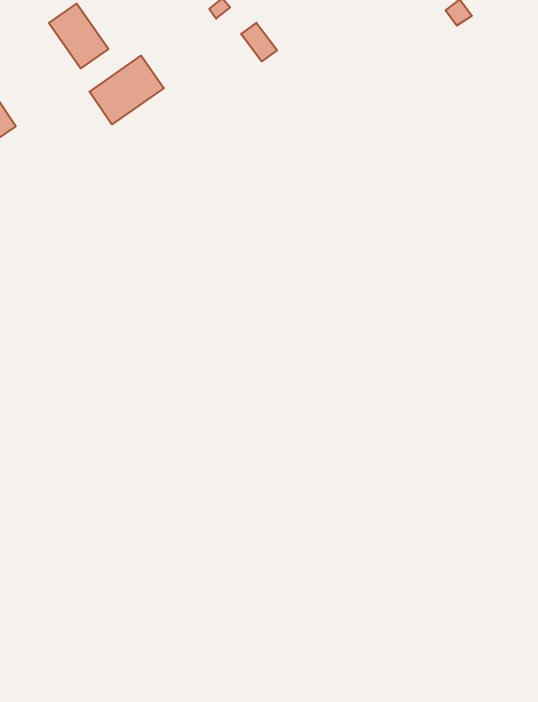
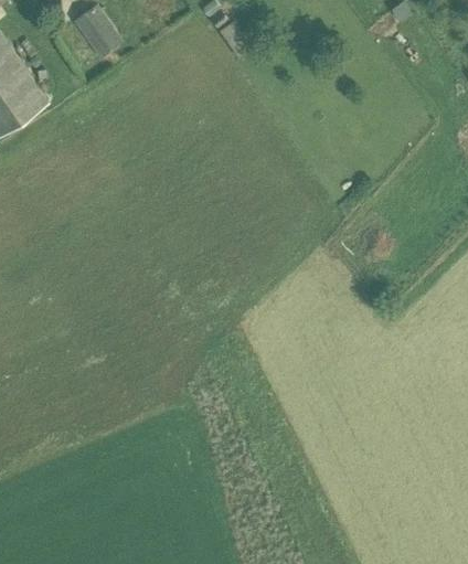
building: [89,56,164,124] -> none

